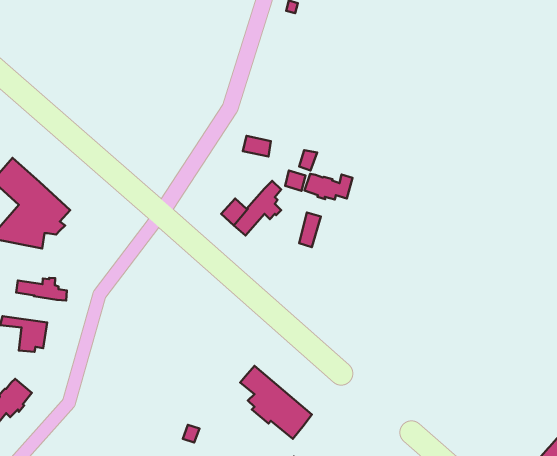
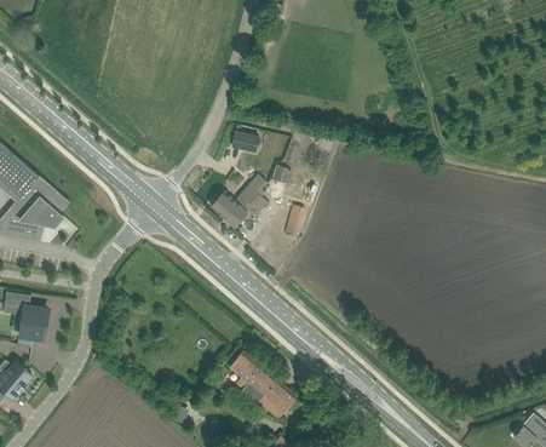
building: [305,174,352,199] -> none
building: [16,278,67,301] -> none

